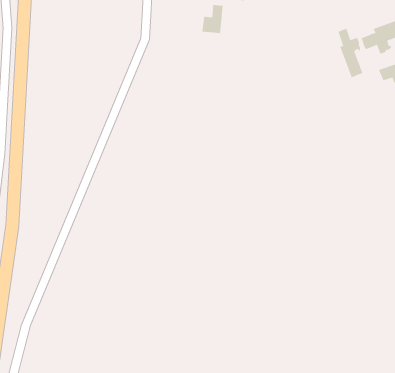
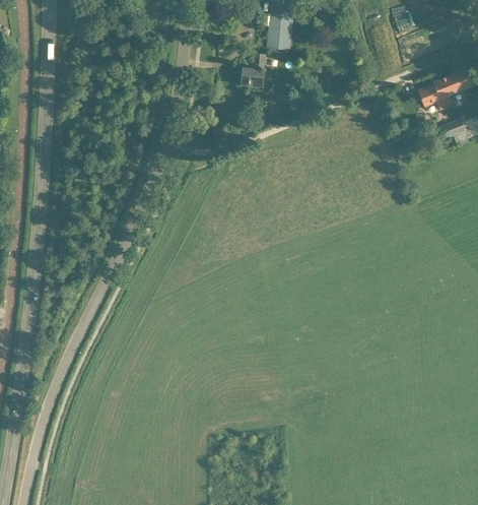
building: [338,28,363,78] -> none

